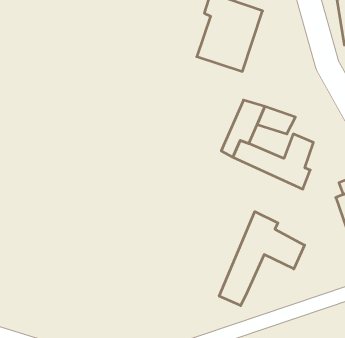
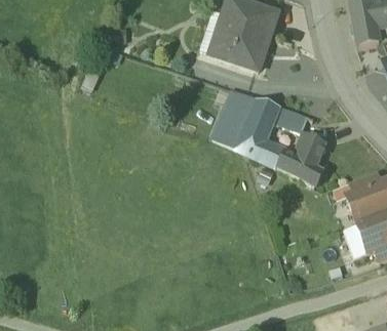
building: none -> [211,88,258,149]
building: [219,212,305,306] -> none

